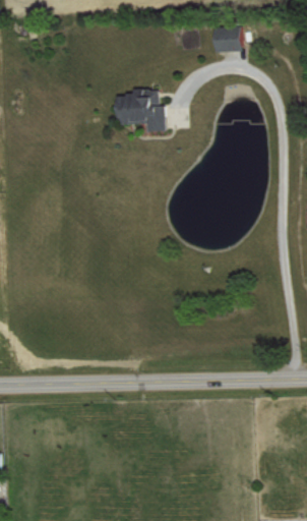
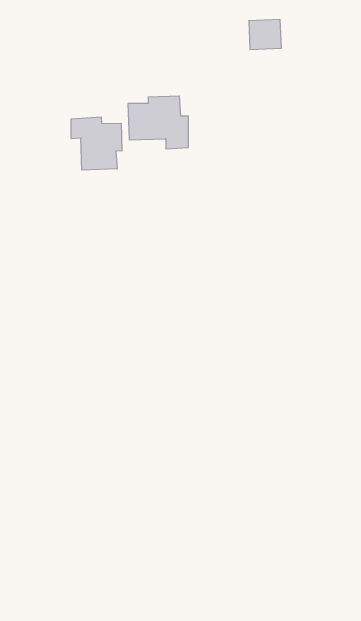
building: none -> [71,117,122,170]

